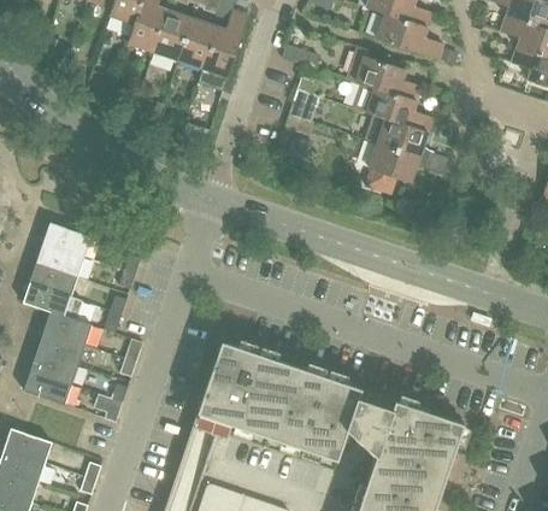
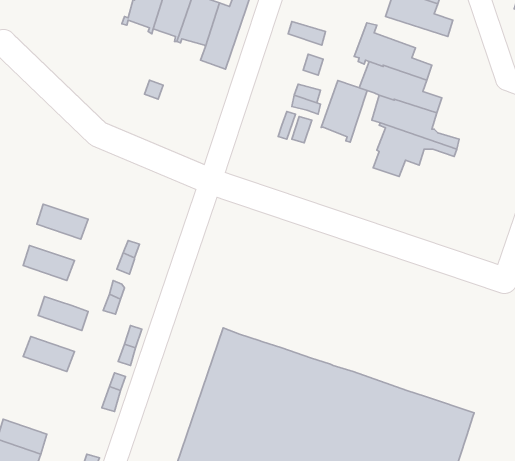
building: none -> [321,81,367,142]
building: [34,240,83,275] -> none
building: [20,280,82,318] -> none
building: [35,328,99,368] -> none
building: [20,368,70,401] -> none

